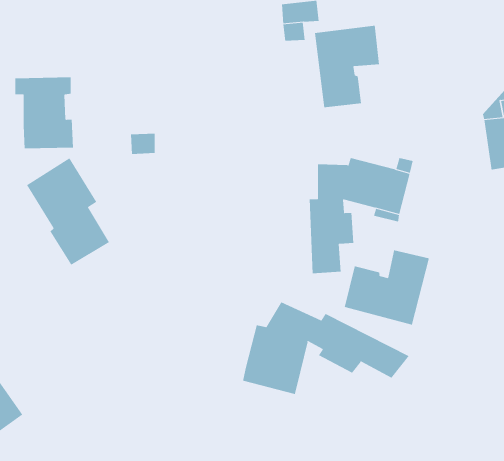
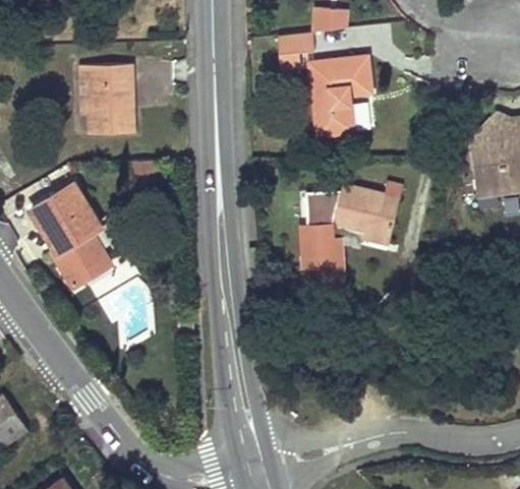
building: [14,77,74,149] -> [79,63,136,132]
building: [344,249,429,325] -> none
building: [242,301,410,395] -> none

